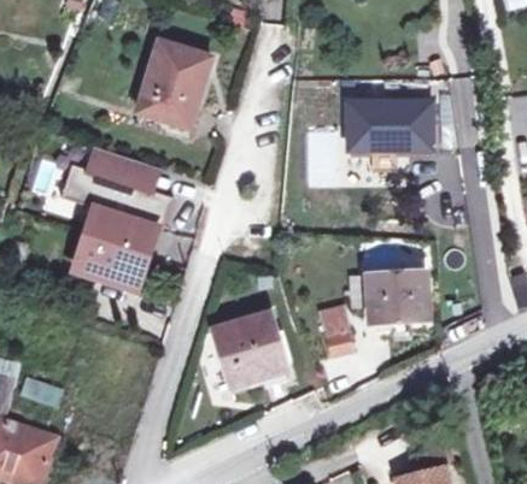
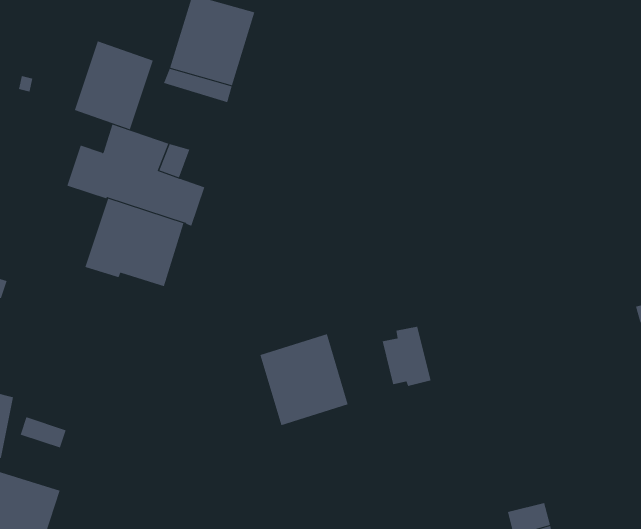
building: none -> [74,41,153,130]
building: [349,102,431,150] -> none
building: [346,272,428,330] -> none

